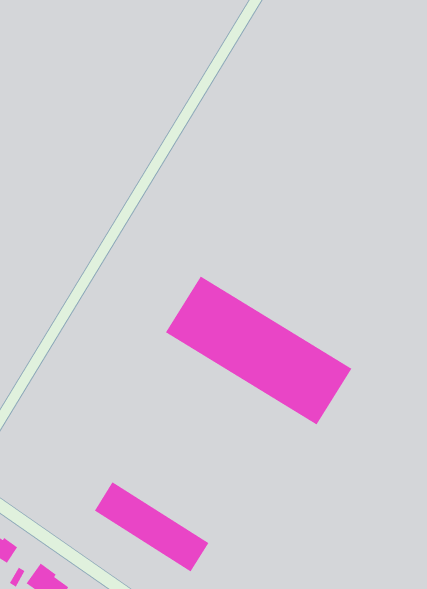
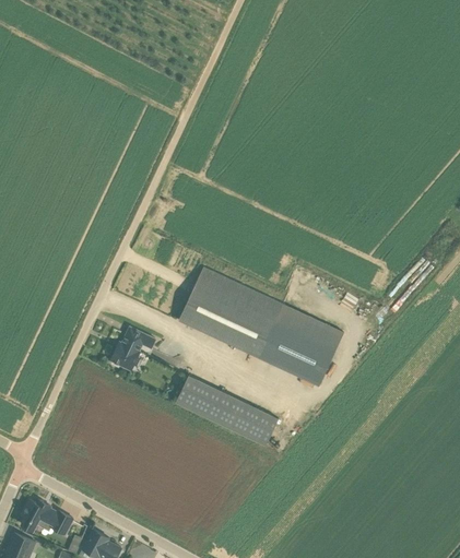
building: none -> [109,325,155,370]
building: [94,481,209,572] -> [175,375,278,446]

